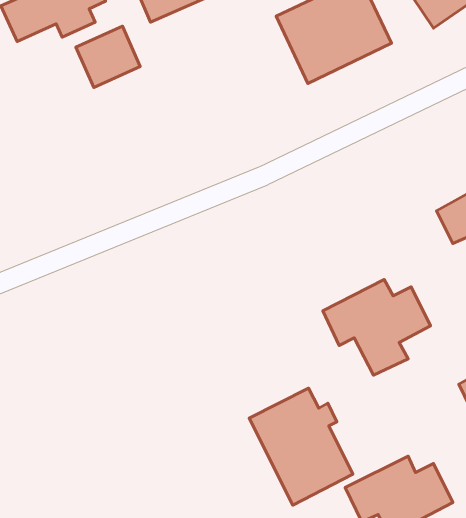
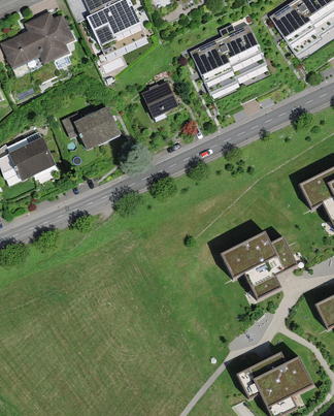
building: [76,26,140,88] -> [73,107,118,150]
building: none -> [141,83,176,119]
building: none -> [8,139,55,182]
building: [249,388,353,505] -> none

